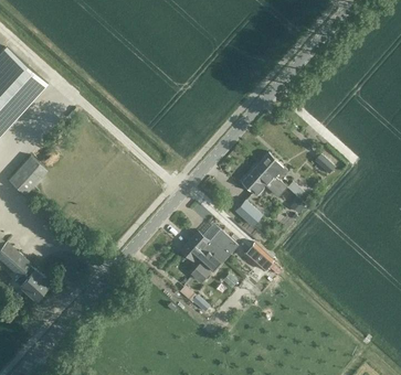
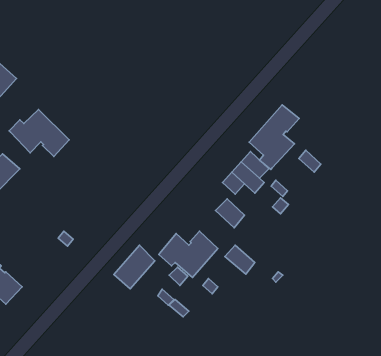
building: none -> [249,105,299,170]
building: none -> [9,109,69,156]
building: none -> [114,245,155,289]

